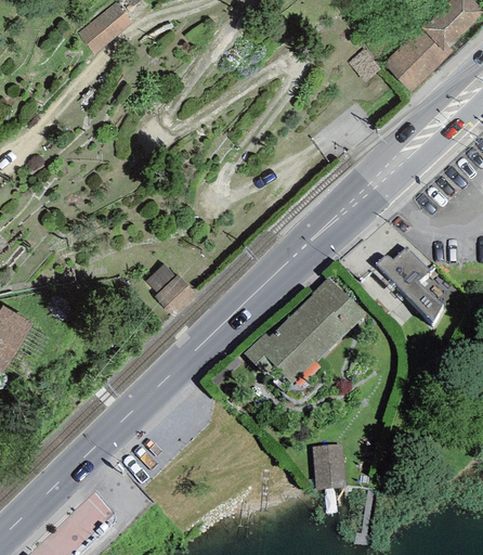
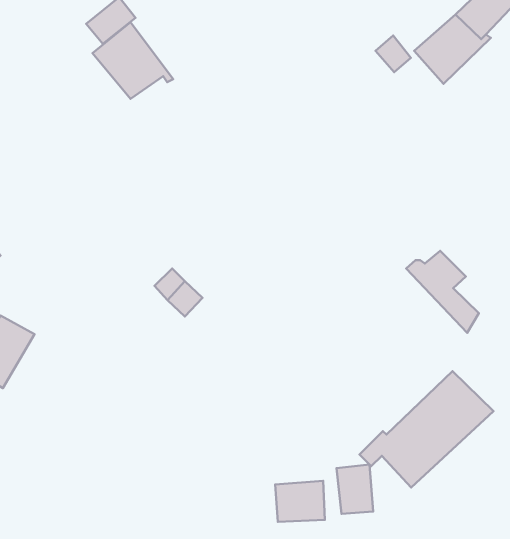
building: none -> [93,22,173,99]
building: [244,275,367,383] -> [359,371,494,487]
building: none -> [275,481,325,522]

